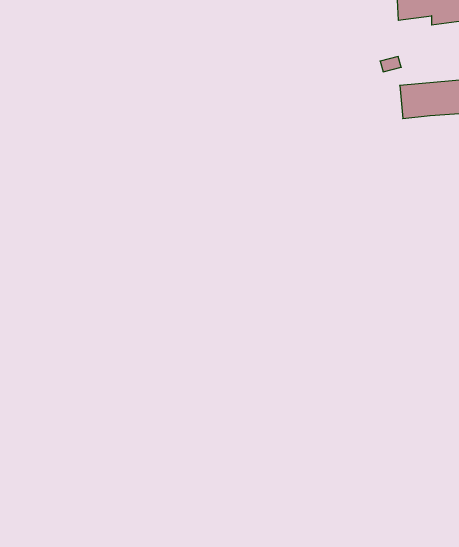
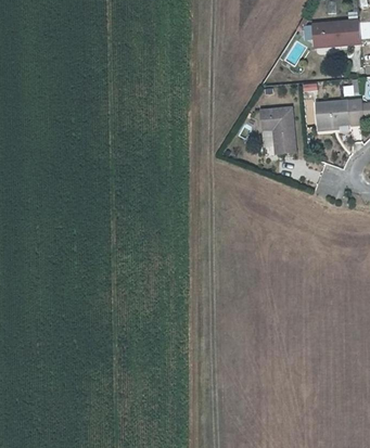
building: none -> [260,108,295,154]

